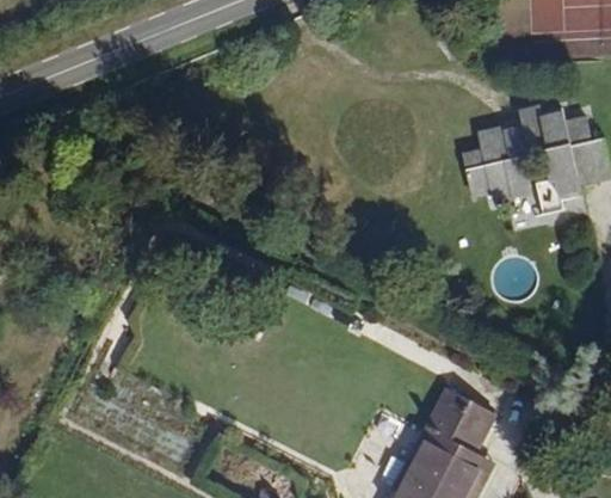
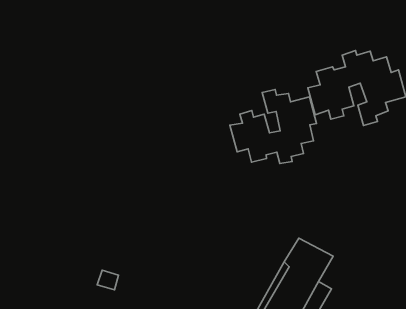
building: none -> [230,89,317,164]

